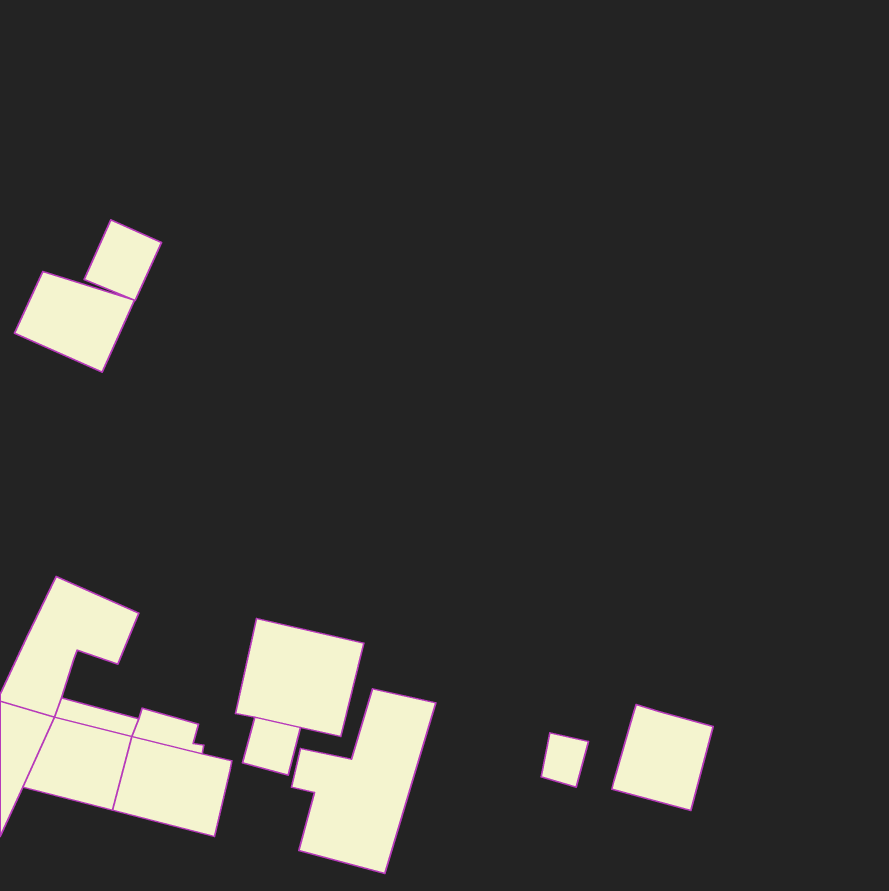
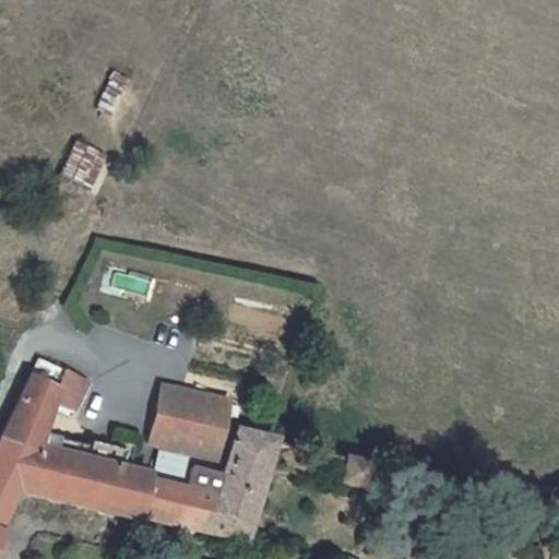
building: [15,271,134,372] -> none
building: [612,704,713,810] -> none
building: none -> [140,478,201,528]

